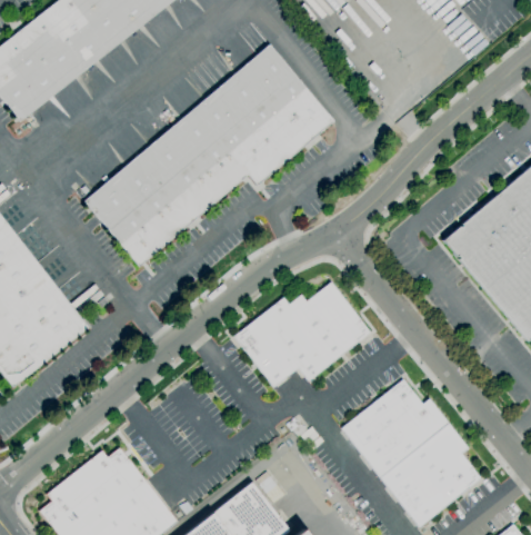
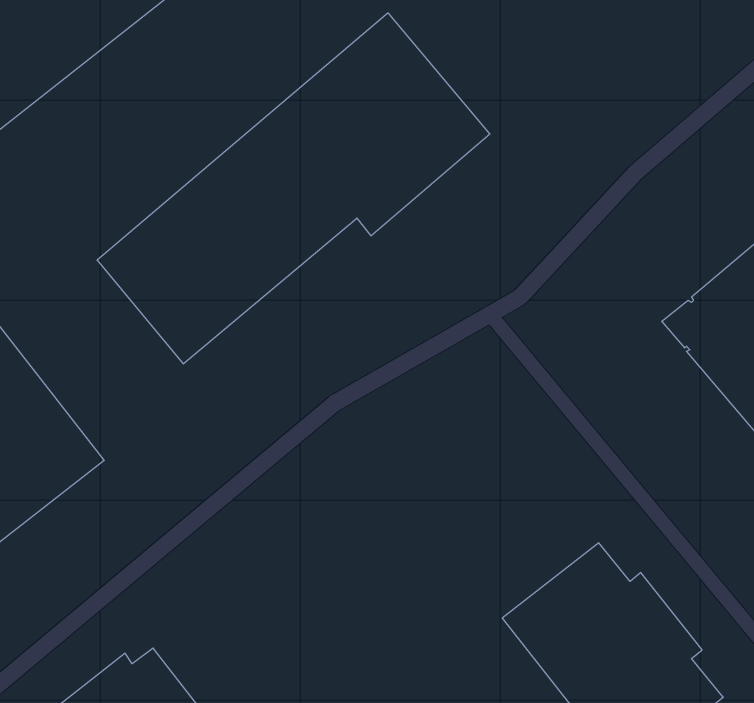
building: [234,283,370,387] -> none

